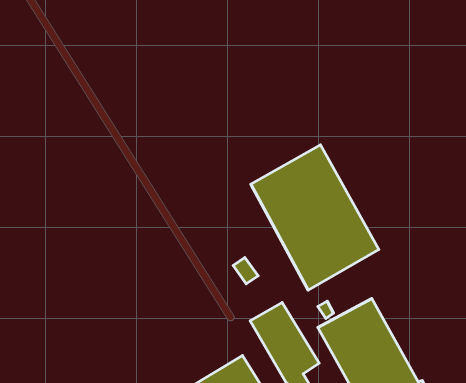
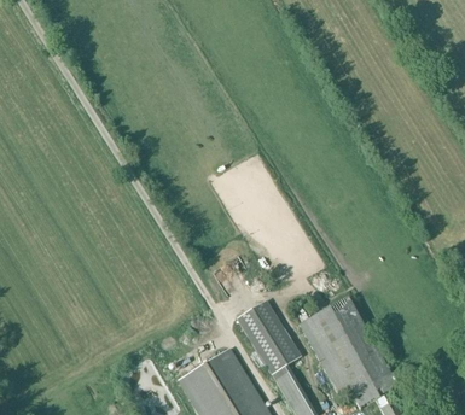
building: [251,145,379,290] -> none

